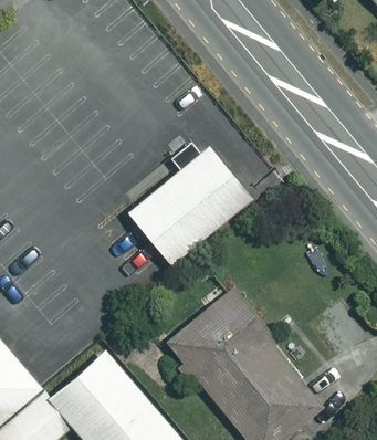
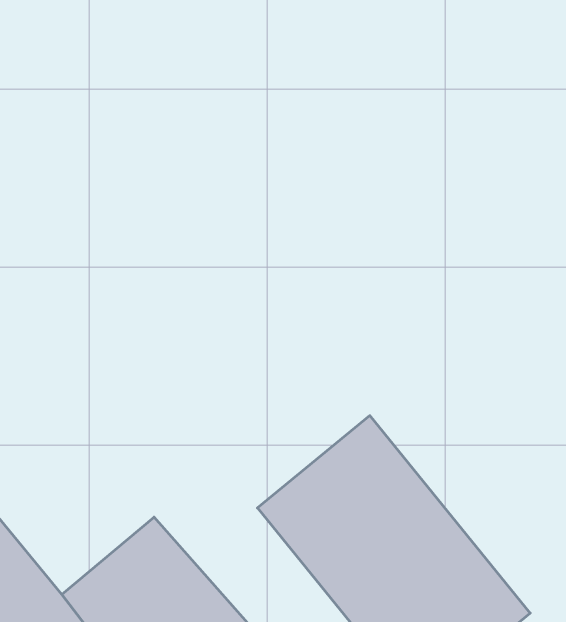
building: [128,146,249,261] -> none

